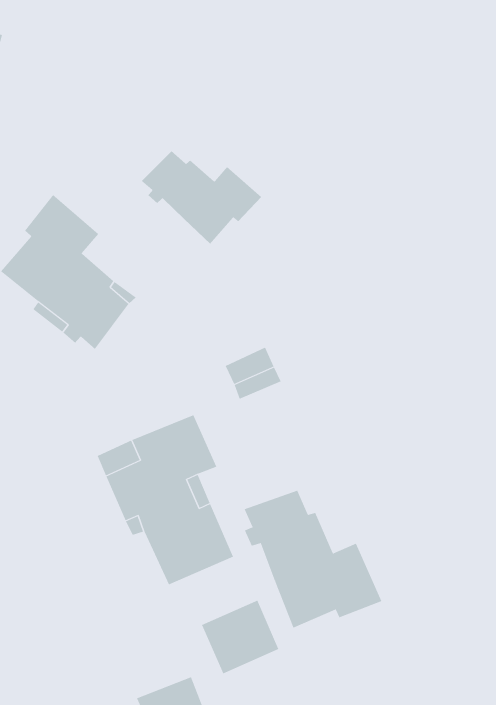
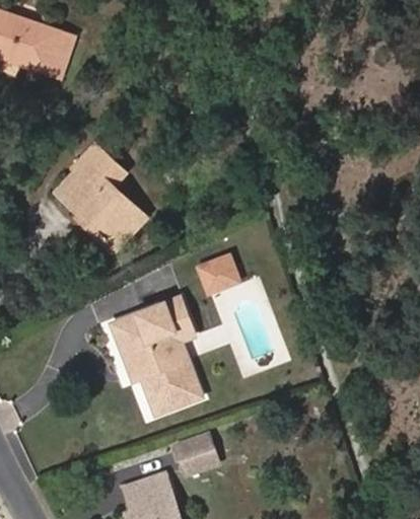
building: [141,151,262,245] -> none
building: [244,490,382,629] -> none

